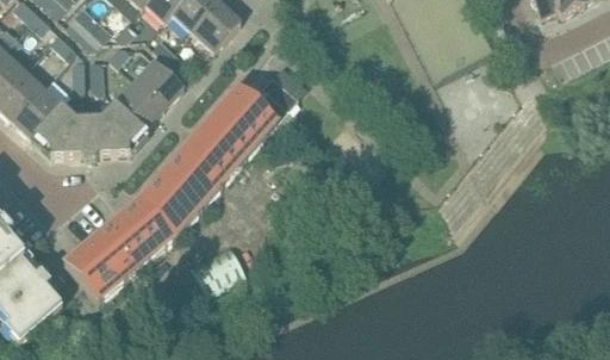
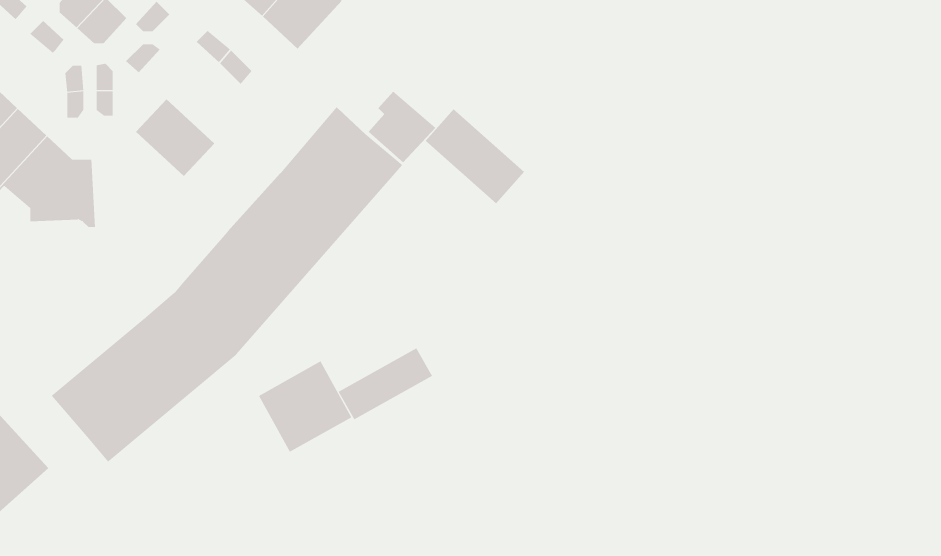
building: [132,57,182,106] -> none
building: none -> [425,108,525,204]
building: [87,99,143,157] -> none
building: none -> [338,347,433,420]

